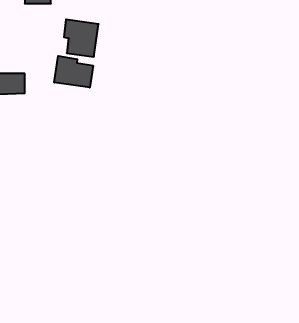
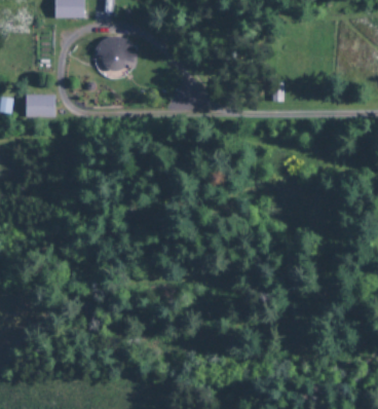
building: [54,56,93,88] -> none

